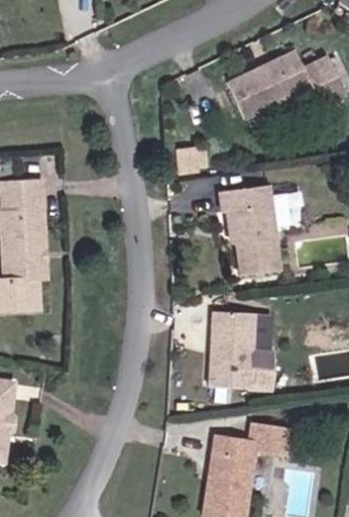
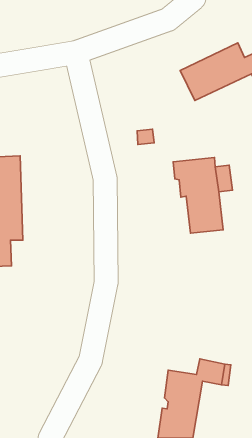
building: [213,312,277,389] -> none

